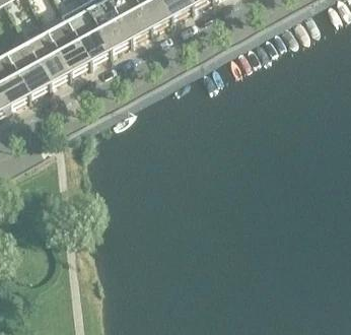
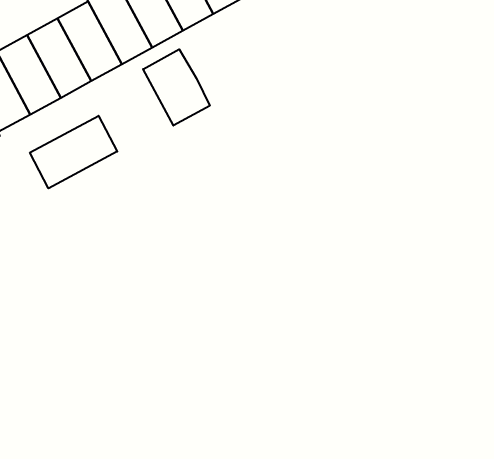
building: none -> [143,49,210,126]
building: none -> [30,116,117,188]

